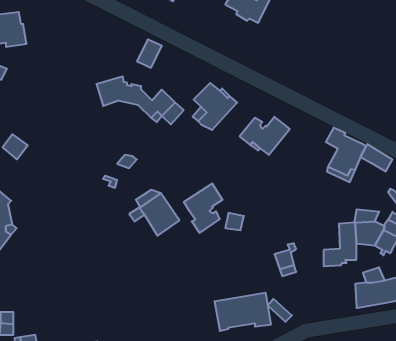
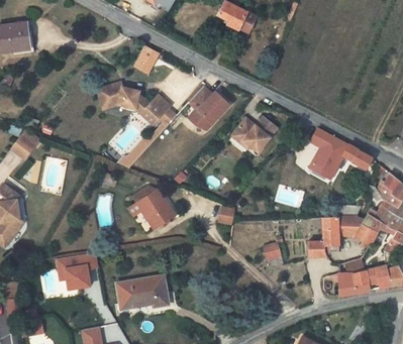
building: [184,183,223,233] -> none
building: none -> [58,252,99,290]
building: [214,293,271,331] -> [116,275,169,311]

